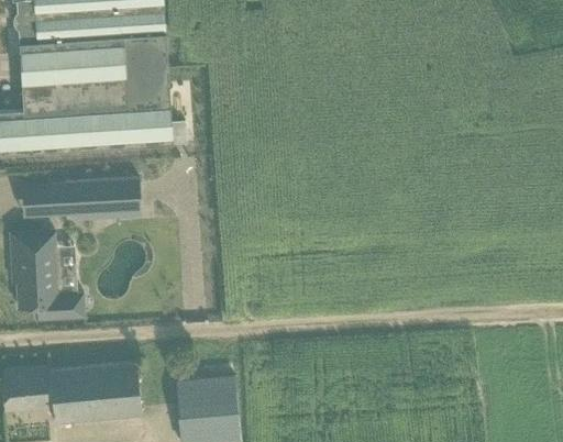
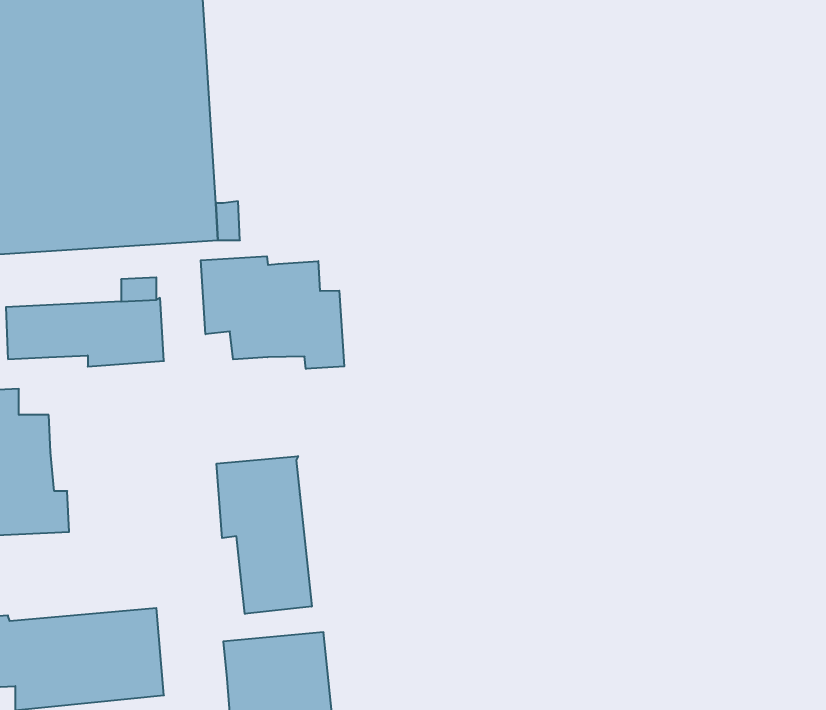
building: none -> [201,256,344,369]
building: none -> [217,456,312,614]

